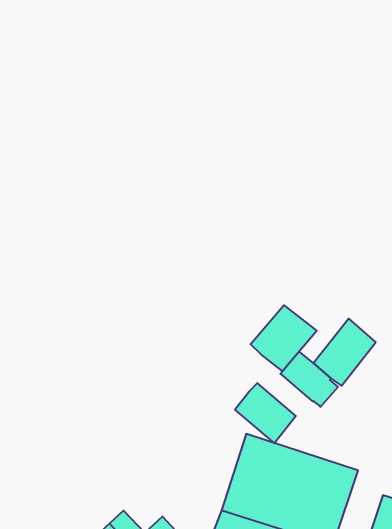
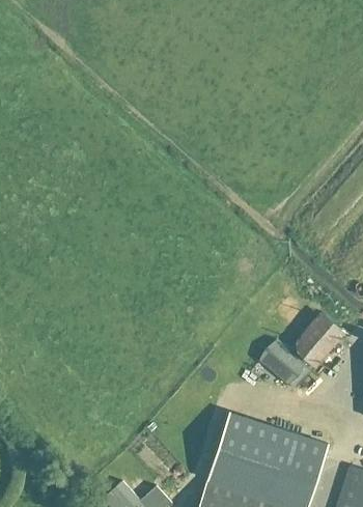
building: [251,305,317,371] -> none
building: [235,383,296,443] -> none

